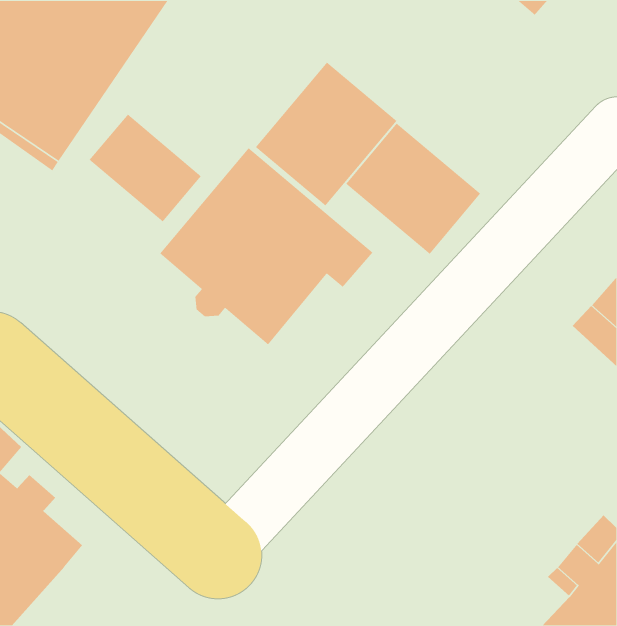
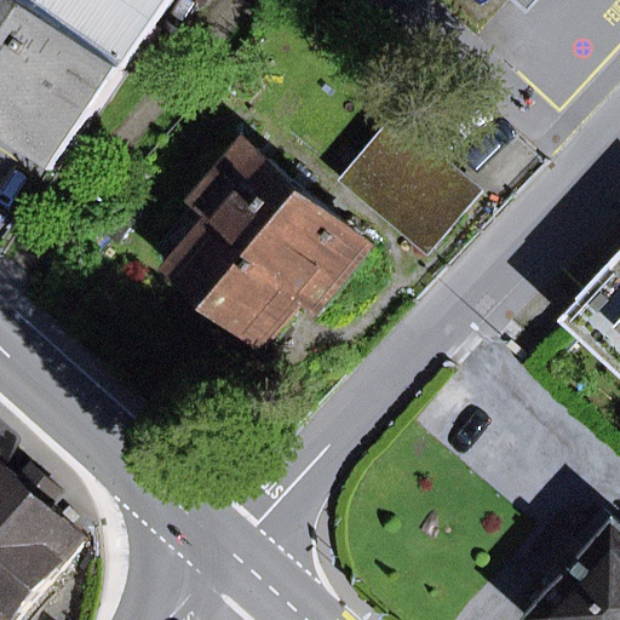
building: [255,61,397,206] -> none
building: [89,113,202,223] -> none

